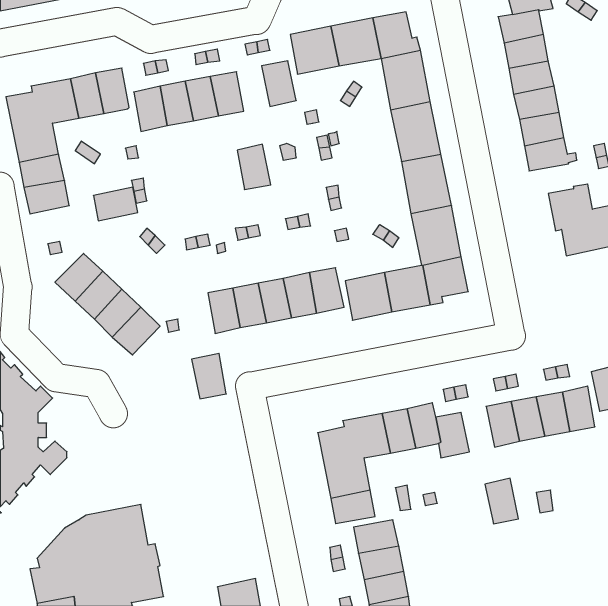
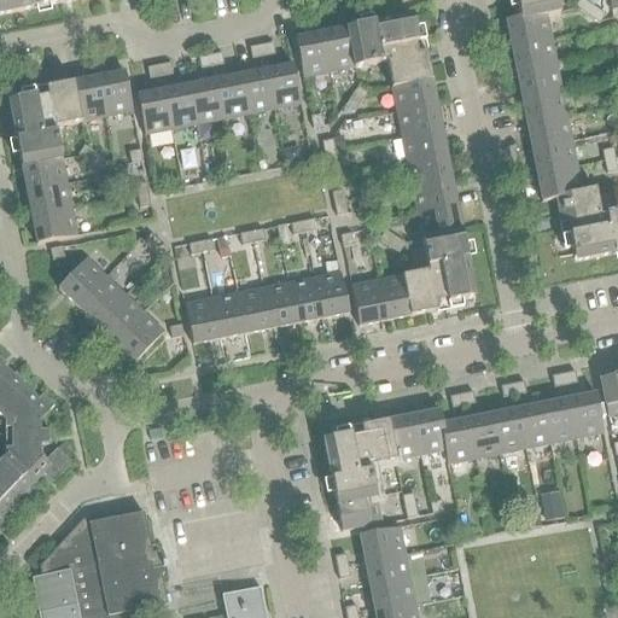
building: [237,144,271,190] -> [241,66,275,112]
building: none -> [537,165,582,199]
building: [93,187,138,221] -> [33,208,77,241]
building: [192,353,226,399] -> [185,296,220,342]
building: [485,478,518,524] -> [468,410,502,456]

